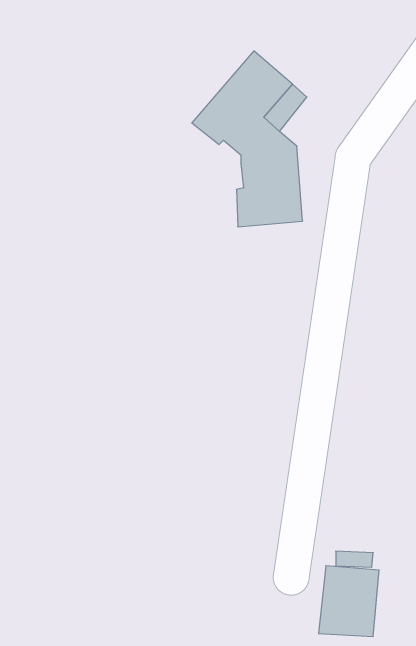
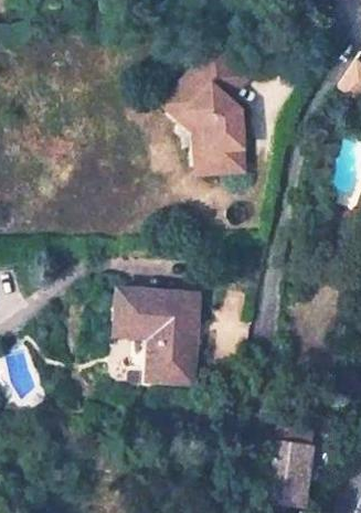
building: none -> [117,291,197,385]

